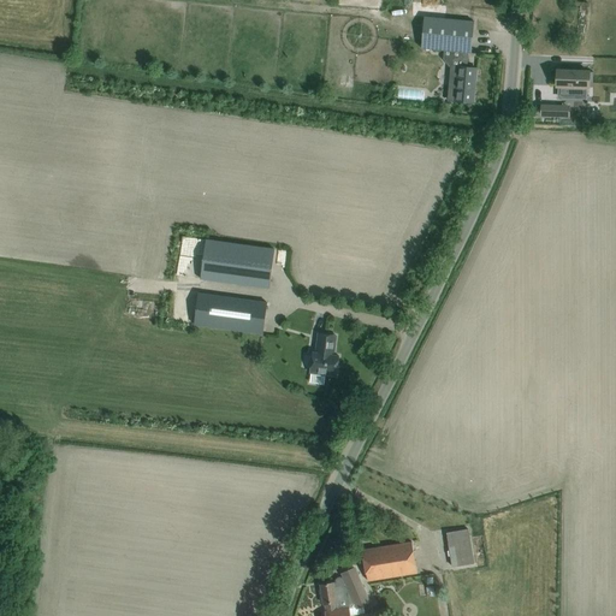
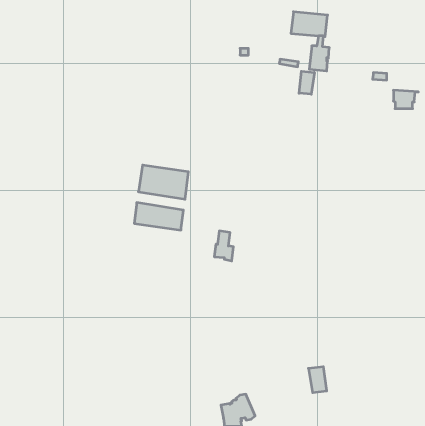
building: [556,70,592,96] -> [393,90,418,109]
building: none -> [299,71,314,94]
building: [361,541,415,581] -> none

